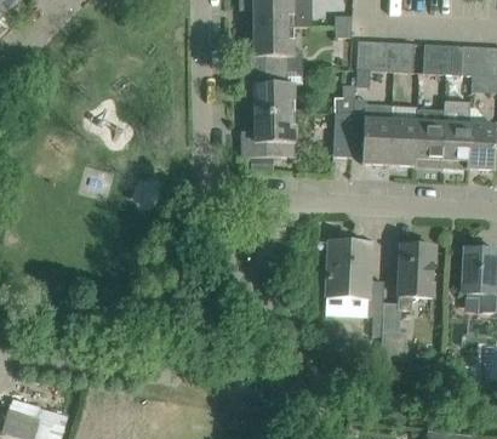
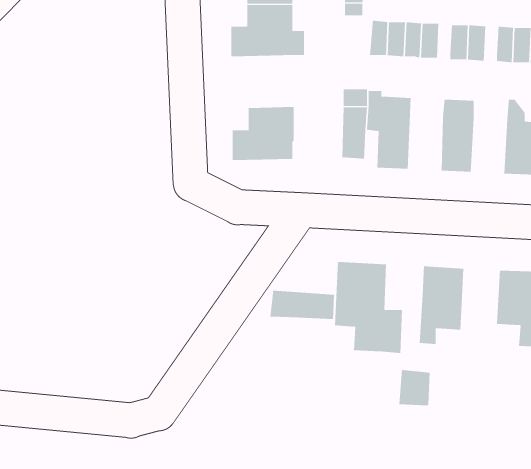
building: [241,69,295,113] -> none
building: [441,99,472,167] -> none
building: [389,104,417,165] -> none
building: none -> [270,290,334,320]

